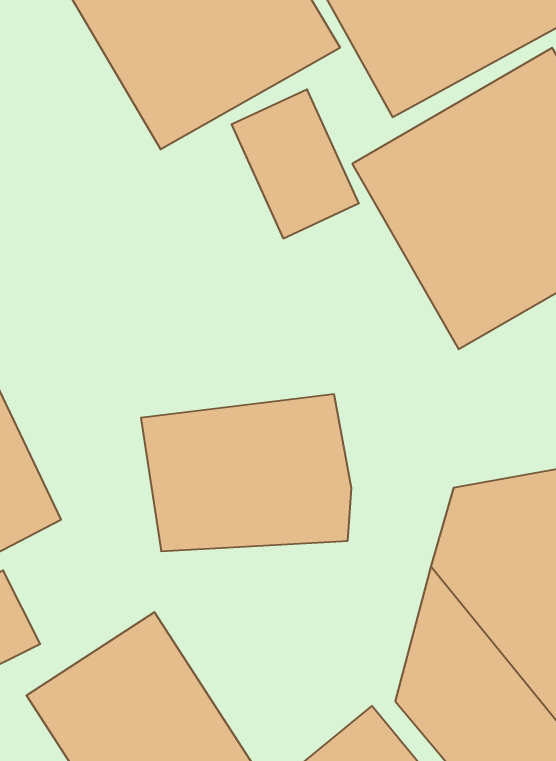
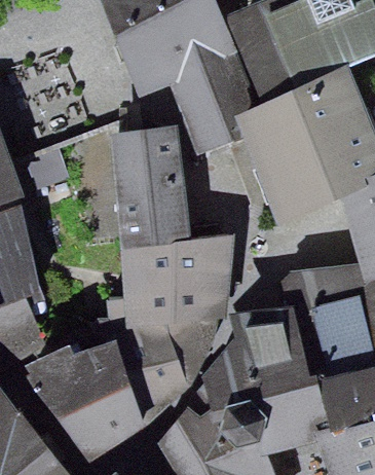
building: none -> [110,127,187,235]
building: none -> [111,305,212,404]

